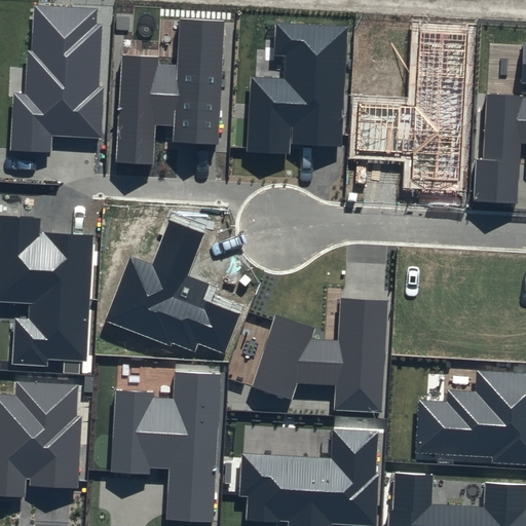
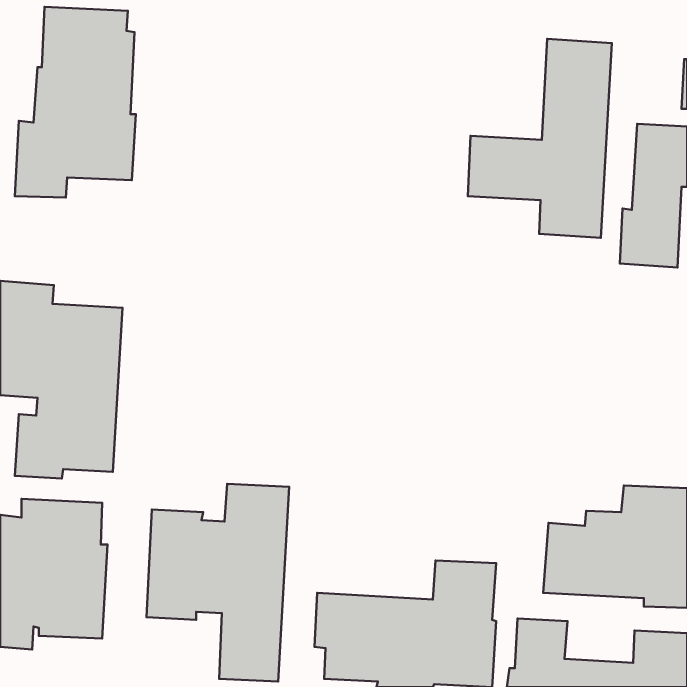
building: [116,18,225,164] -> none
building: [247,24,348,154] -> none
building: [106,220,240,353] -> none
building: [252,298,388,413] -> none

